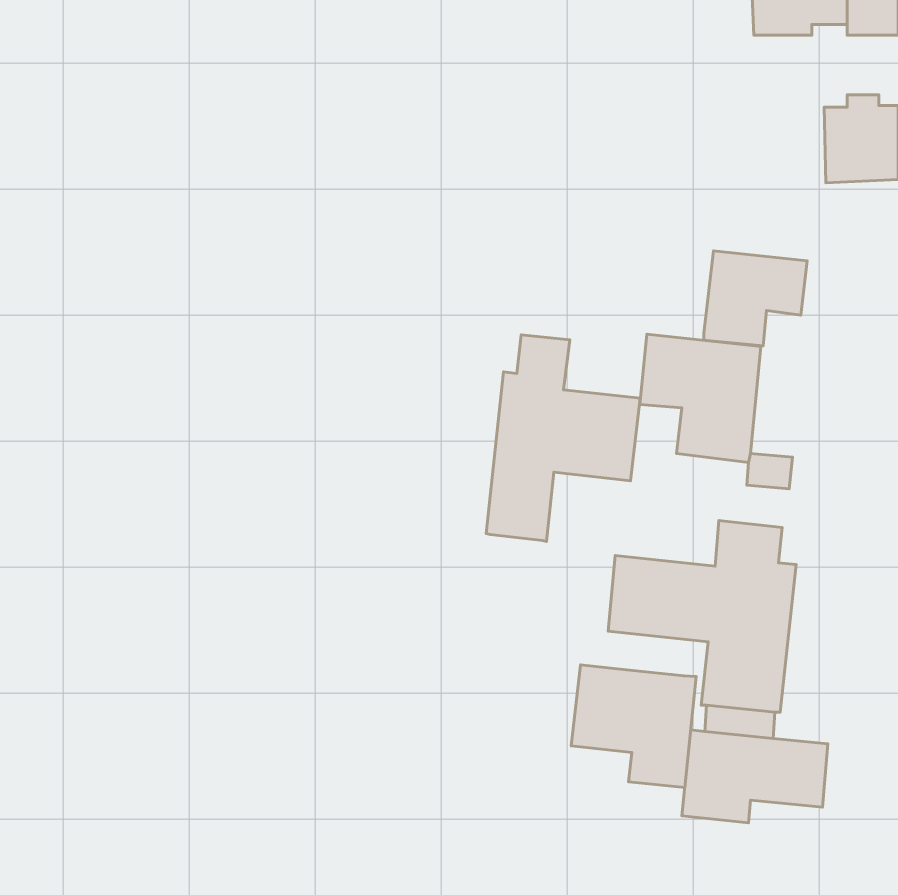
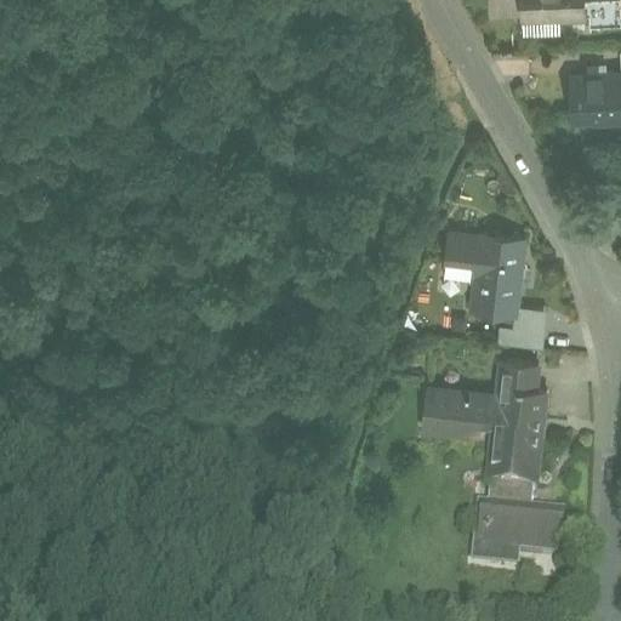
building: [704,251,807,346] -> none
building: [486,335,640,542] -> none
building: [571,665,696,787] -> none

